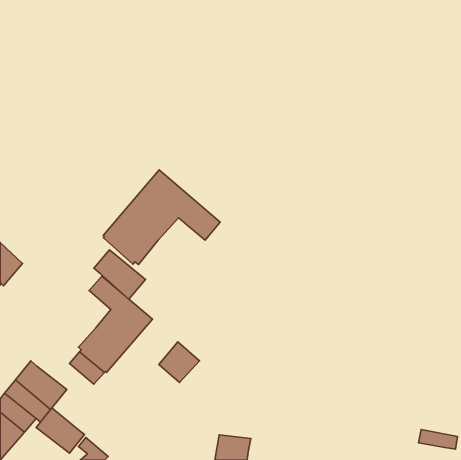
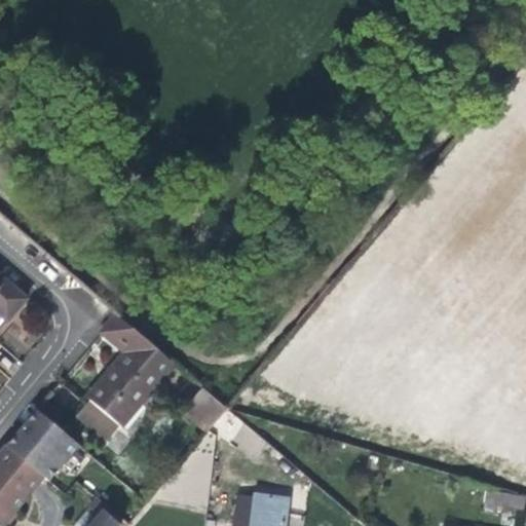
building: [103,170,220,264] -> none
building: [94,250,145,299] -> none
building: [36,408,84,453] -> none

